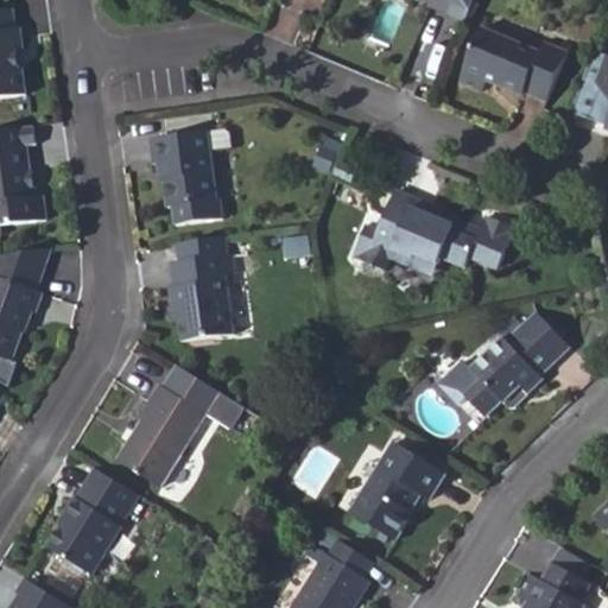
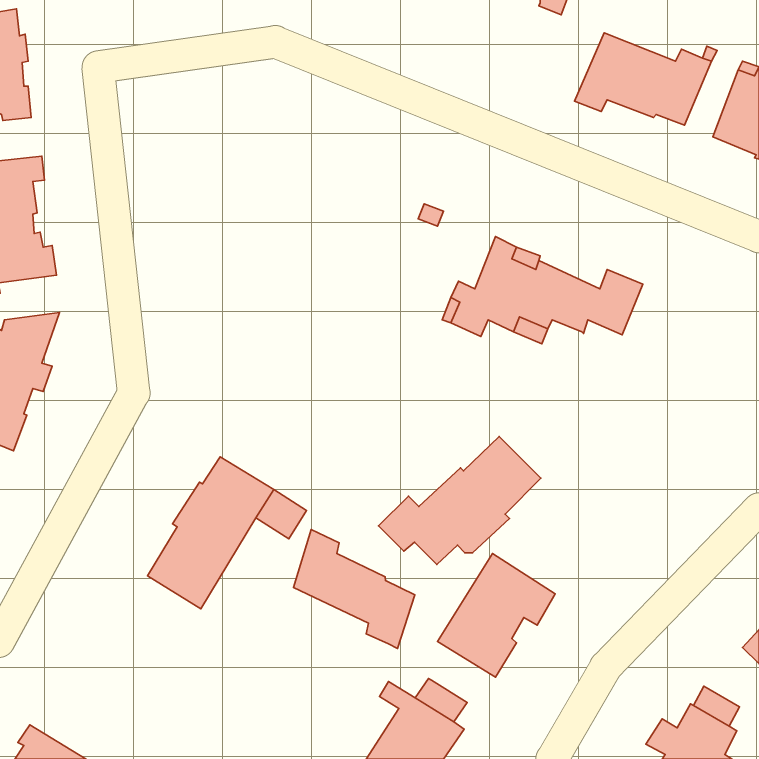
building: [150,132,222,226] -> none
building: [169,236,234,341] -> none
building: [438,314,568,416] -> [379,437,541,565]
building: none -> [293,529,415,649]
building: [51,468,140,574] -> none

